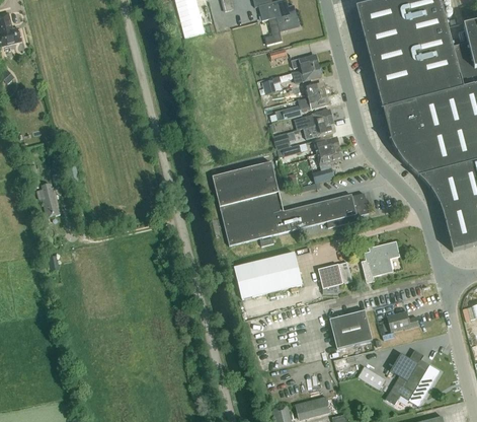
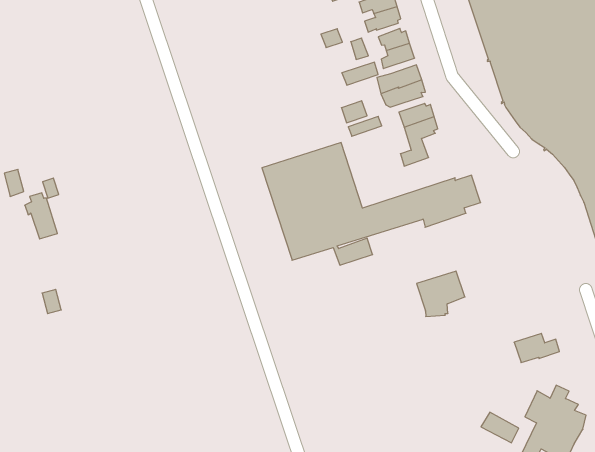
building: [361,240,399,282] -> none
building: [234,252,301,298] -> none
building: [329,309,372,348] -> none

